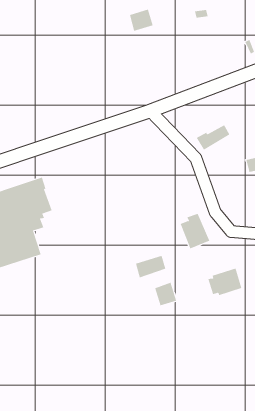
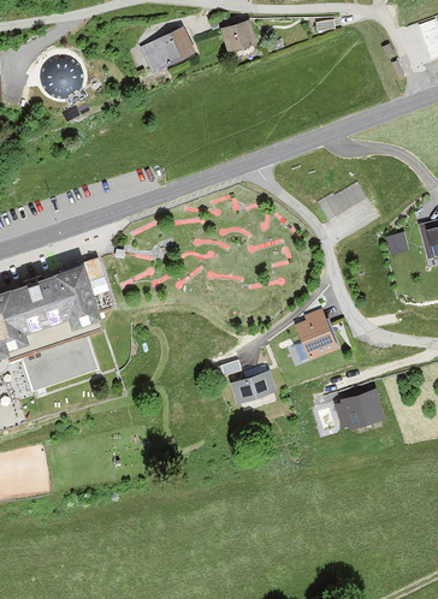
building: none -> [143,28,191,71]
building: none -> [43,61,78,96]
building: [155,282,177,306] -> none

